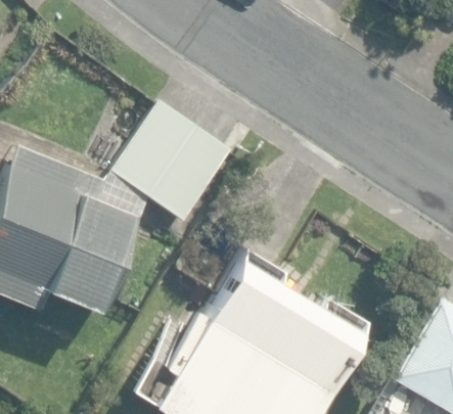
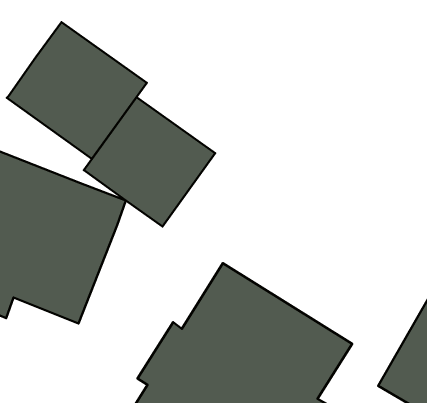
building: none -> [7,22,147,159]

